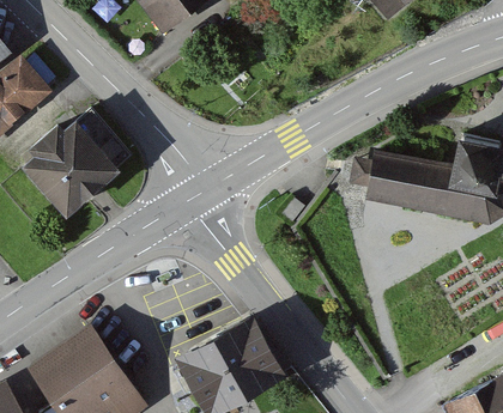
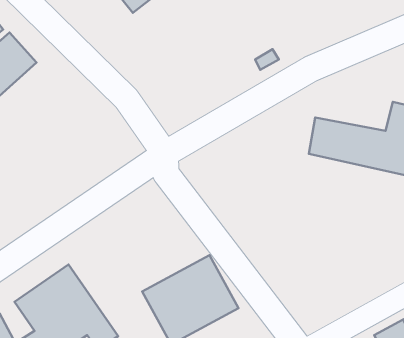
building: [24,109,131,212] -> none

